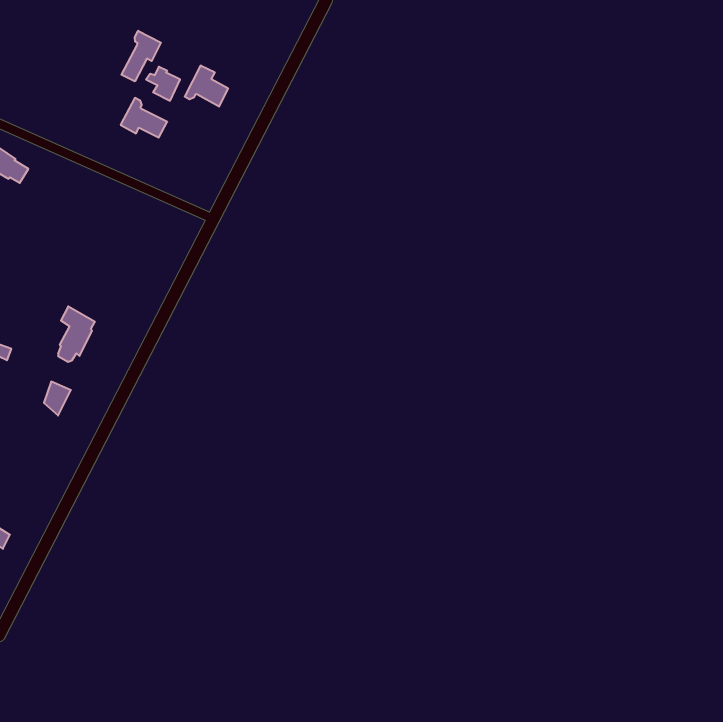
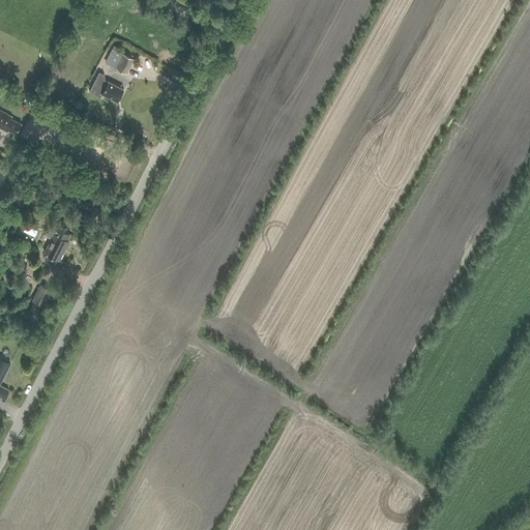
building: [121,31,161,81] -> none
building: [185,65,228,107] -> none

